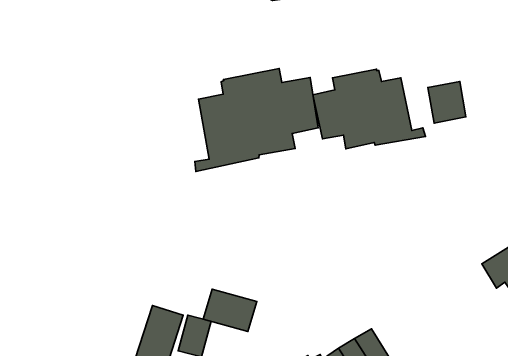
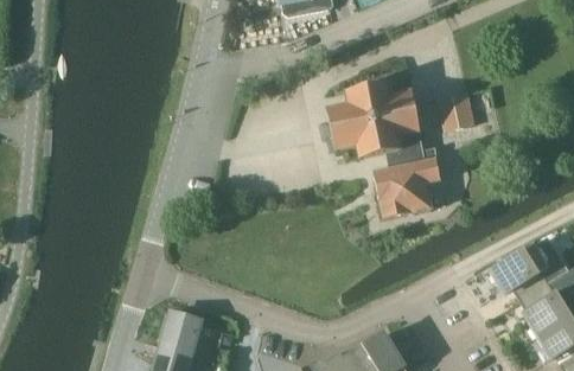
building: [195,69,318,171] -> none
building: none -> [375,146,453,219]
building: [203,289,257,331] -> none

